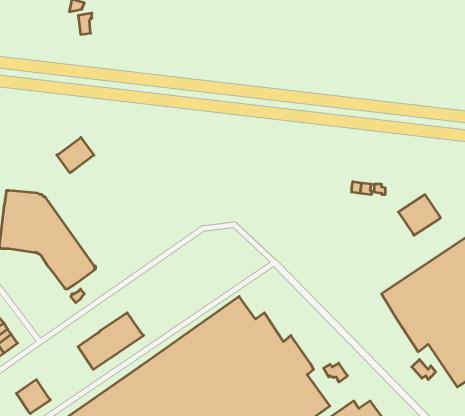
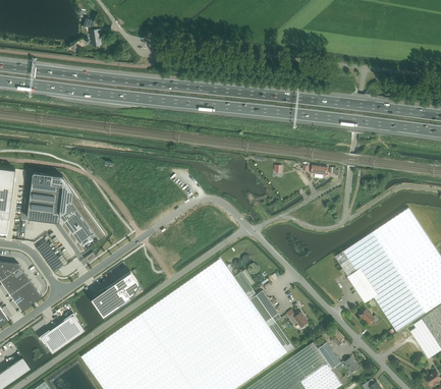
building: [57,137,94,173] -> none
building: [398,195,440,235] -> none
building: none -> [56,315,84,342]

